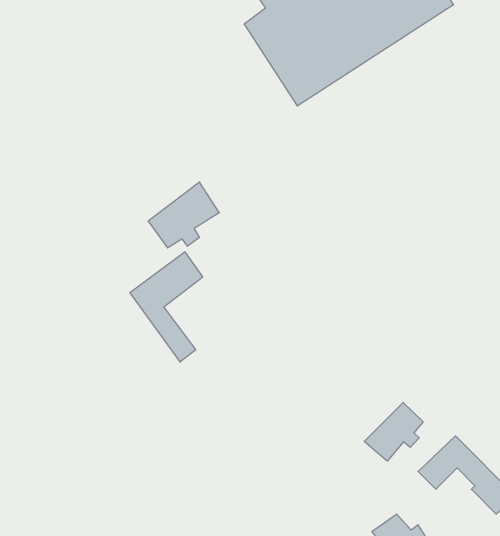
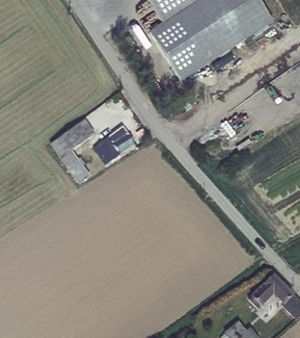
building: [130,252,203,362] -> [52,119,94,183]
building: [364,402,423,461] -> none

